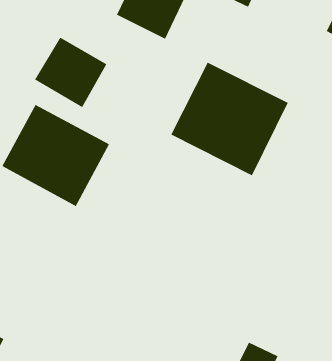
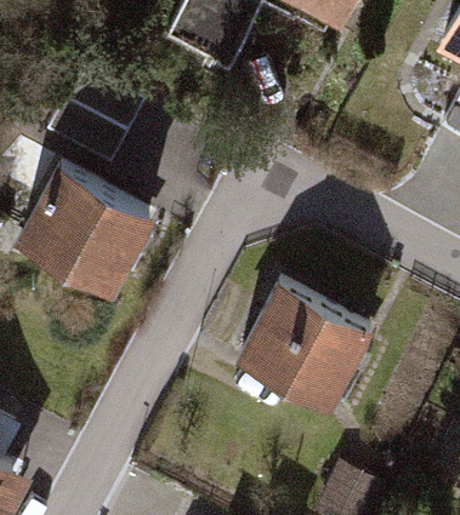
building: [170,62,289,176] -> none
building: none -> [246,286,380,406]

